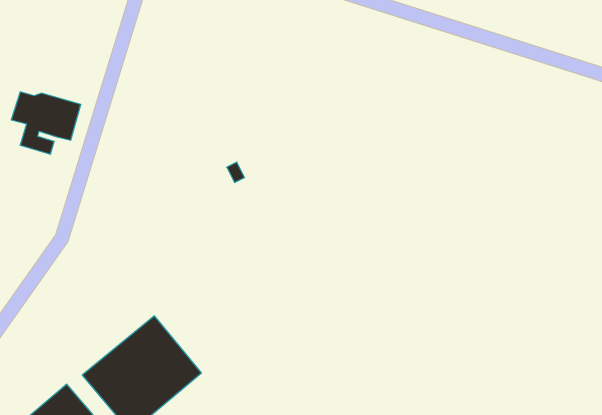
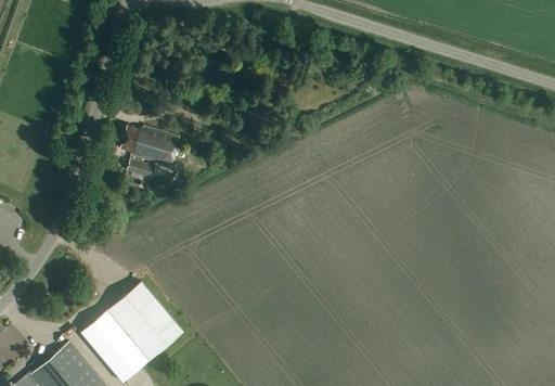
building: [11,92,81,154] -> [118,125,178,178]

